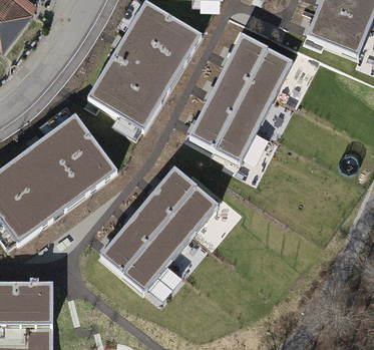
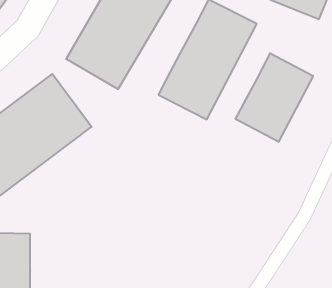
building: none -> [236,53,313,142]
building: [101,169,217,291] -> none

